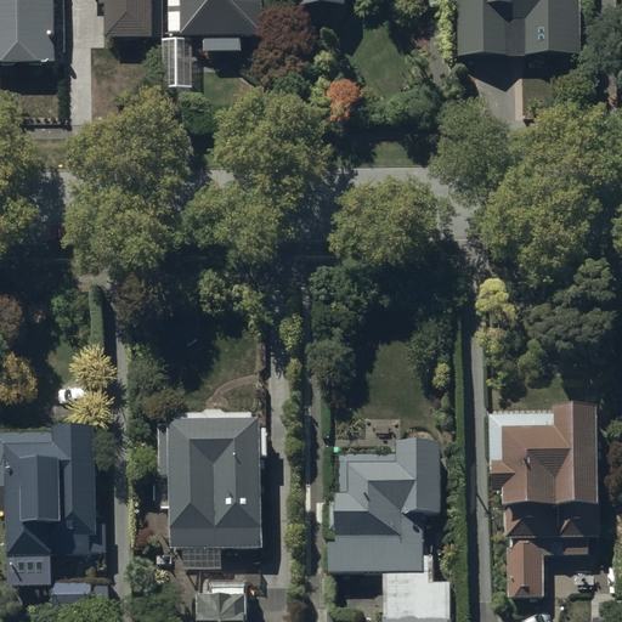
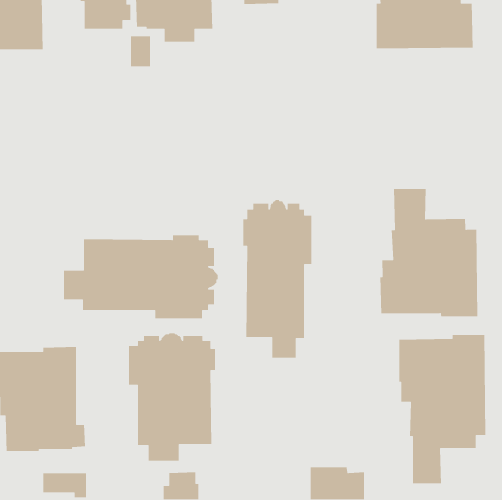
building: none -> [380,188,478,317]
building: none -> [242,199,312,358]
building: none -> [63,235,218,319]
building: [328,442,440,571] -> none

